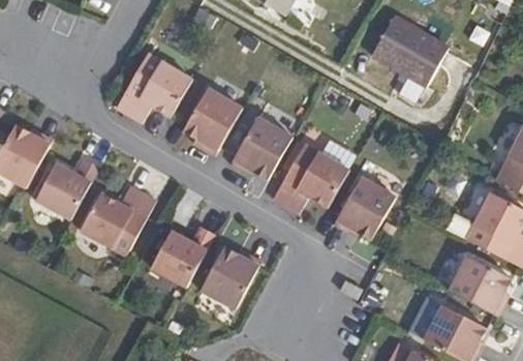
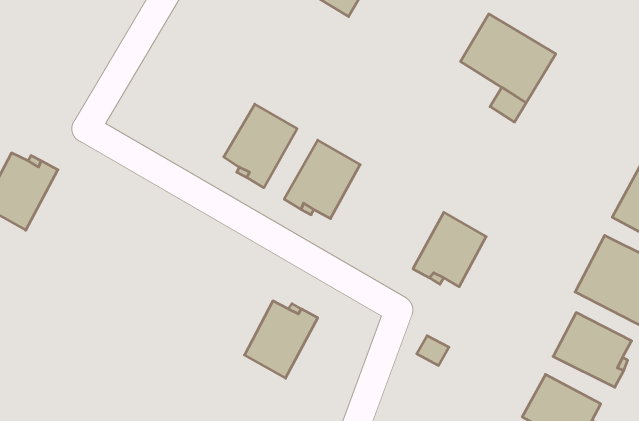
building: [117,53,193,122] -> none
building: [275,143,350,212] -> none
building: [34,159,97,219] -> none
building: [80,186,156,257] -> none
building: [151,227,215,288] -> none

